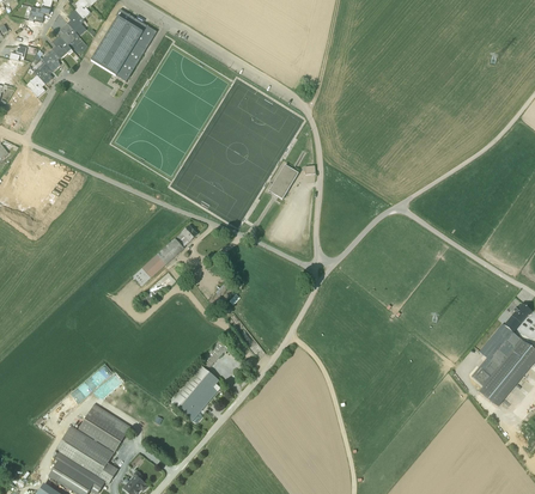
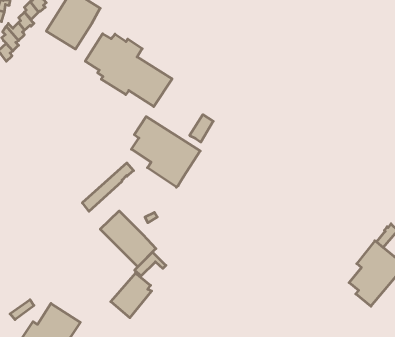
building: none -> [85,34,172,107]
building: none -> [131,117,200,187]
building: none -> [100,211,156,267]

